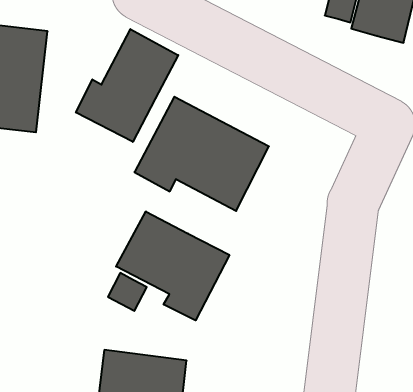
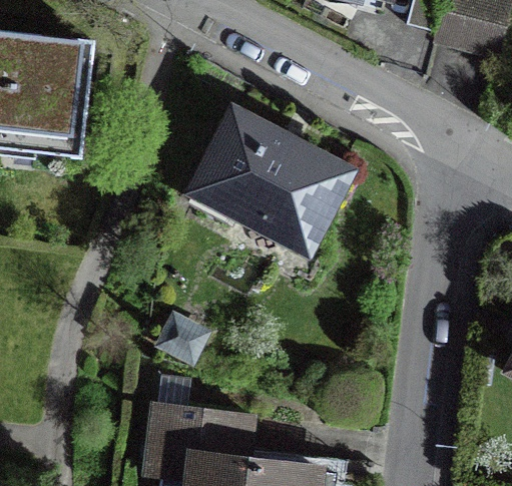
building: [76,29,178,142] -> none
building: [116,211,229,320] -> none

